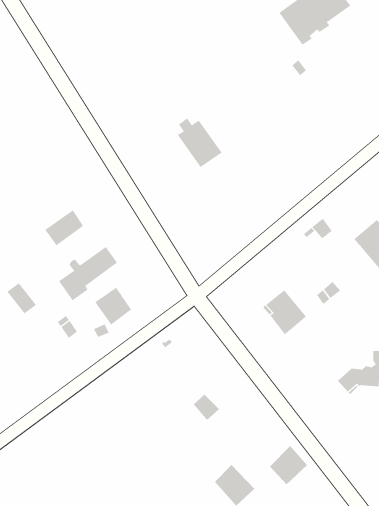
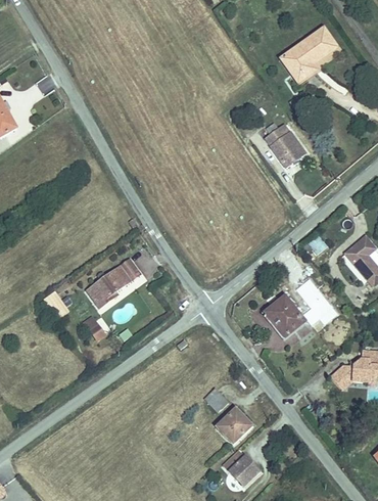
building: [177,117,223,168] -> [265,123,304,167]
building: [44,209,84,246] -> none
building: [94,287,132,325] -> none
building: [269,445,308,485] -> [217,409,250,444]

